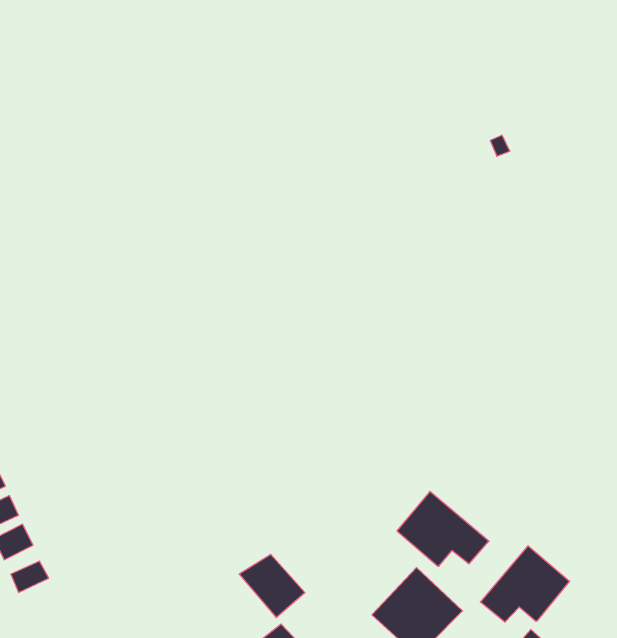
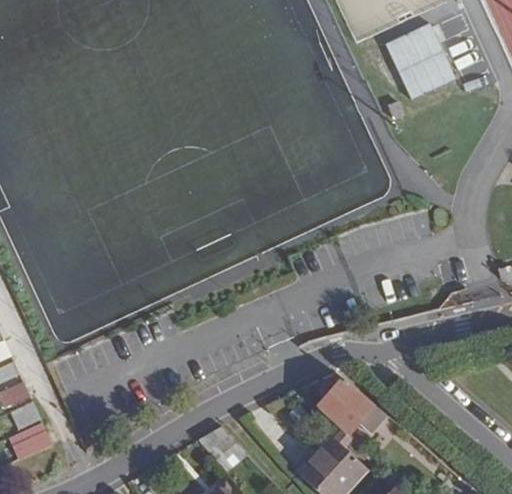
building: none -> [389,27,460,105]
building: [480,546,570,622] -> none

